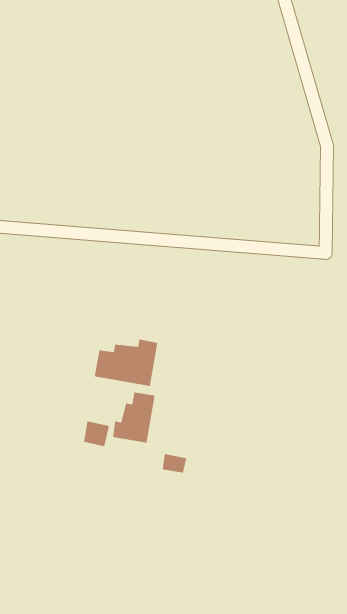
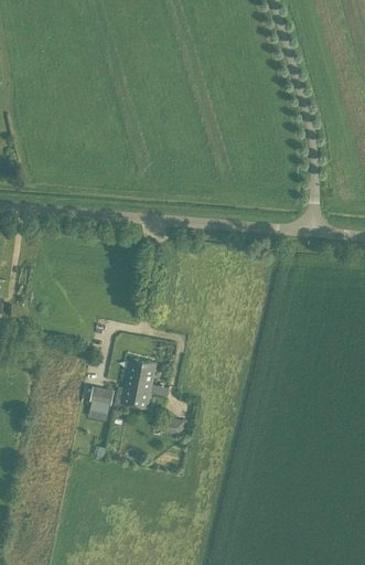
building: [94,338,158,387] -> none

